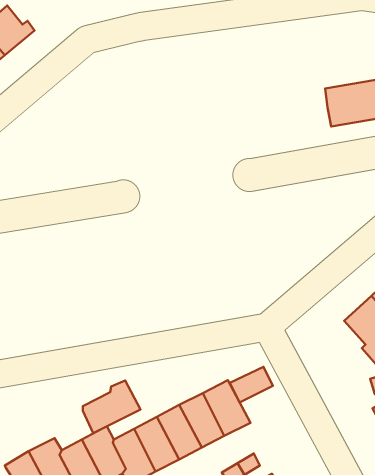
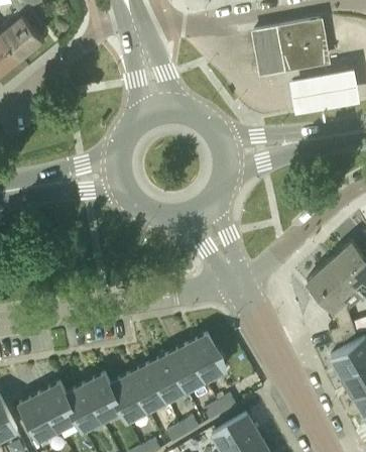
building: none -> [254,21,327,73]
building: [230,367,273,402] -> none
building: [83,380,140,433] -> none

